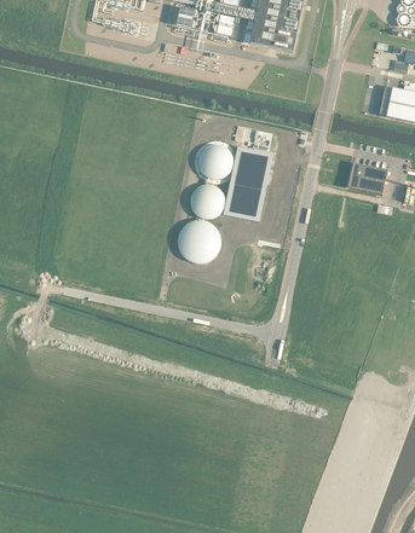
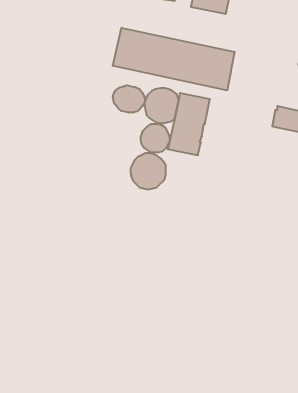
building: none -> [113,28,235,90]
building: none -> [113,85,145,113]

